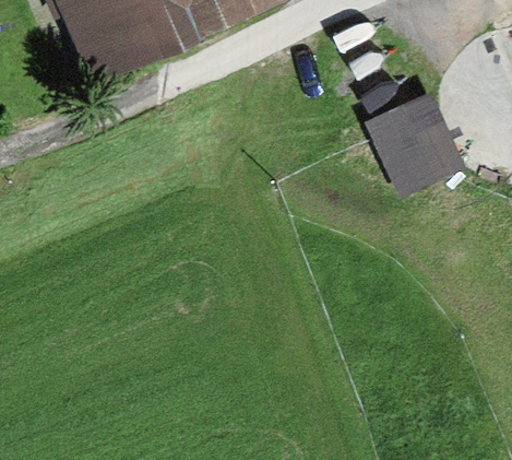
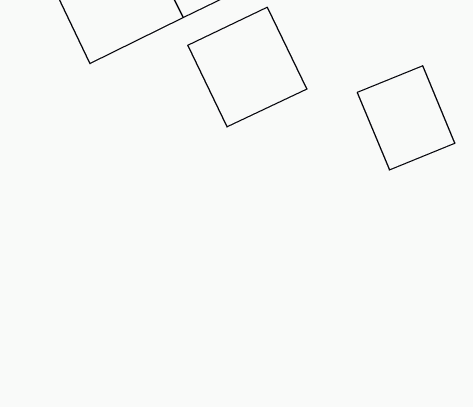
building: none -> [188,7,307,127]

